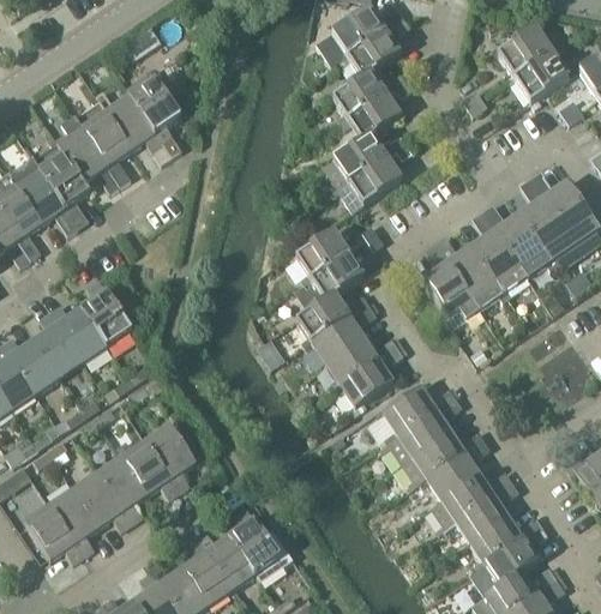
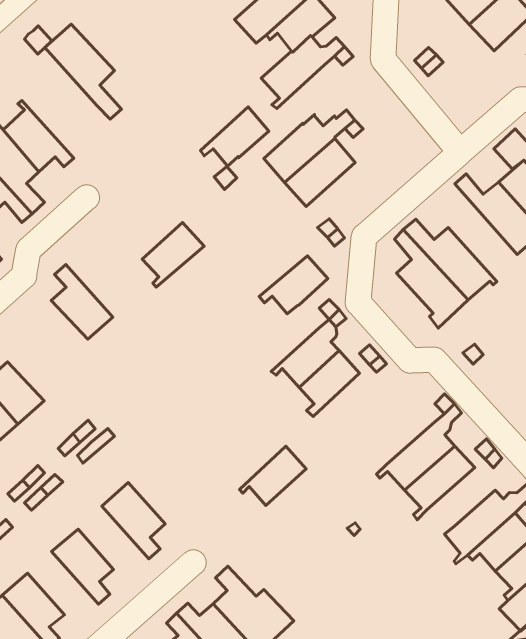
building: [126,71,184,156] -> [45,24,121,119]
building: [341,94,401,142] -> [201,107,269,167]
building: [471,210,527,297] -> none
building: [295,230,349,282] -> [142,222,204,287]
building: [83,278,133,344] -> [51,264,113,339]
building: [296,294,350,347] -> none
building: [335,359,393,407] -> [240,446,306,506]
building: [384,387,437,439] -> none
building: [122,440,179,498] -> none
building: [420,452,480,499] -> none
building: [74,472,131,529] -> none

